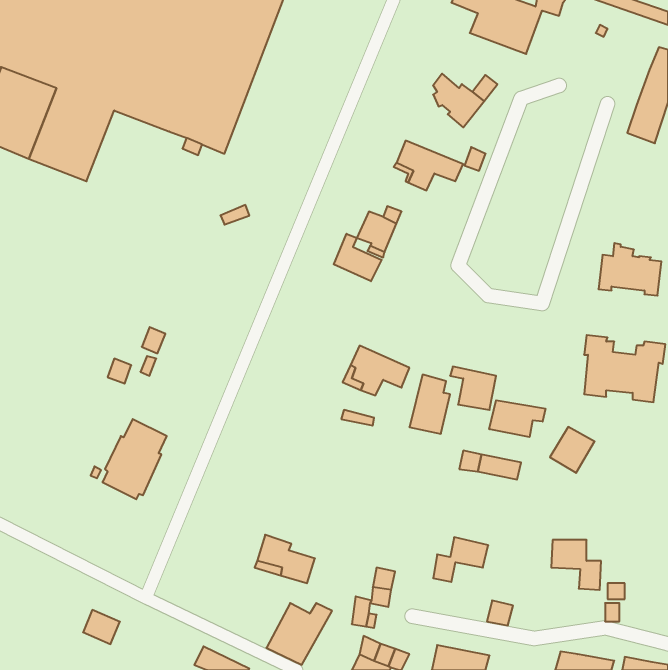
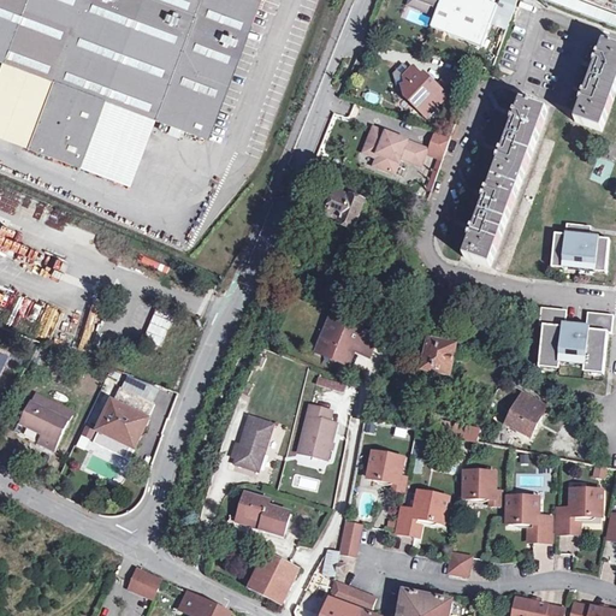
building: none -> [79,101,155,186]
building: none -> [462,101,547,266]
building: [334,234,382,281] -> none
building: [409,375,450,434] -> [296,402,333,456]
building: [489,400,545,437] -> none
building: none -> [20,395,73,452]
building: none -> [232,414,273,469]
building: none -> [368,449,408,487]
building: none -> [463,470,502,503]
building: none -> [555,487,600,532]
building: [83,610,120,644] -> [125,568,159,599]

